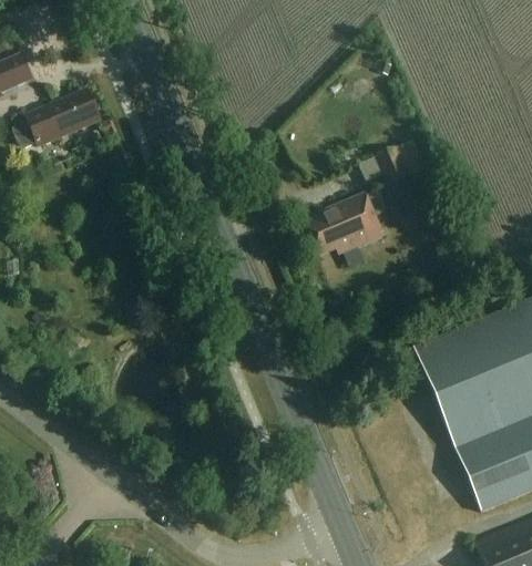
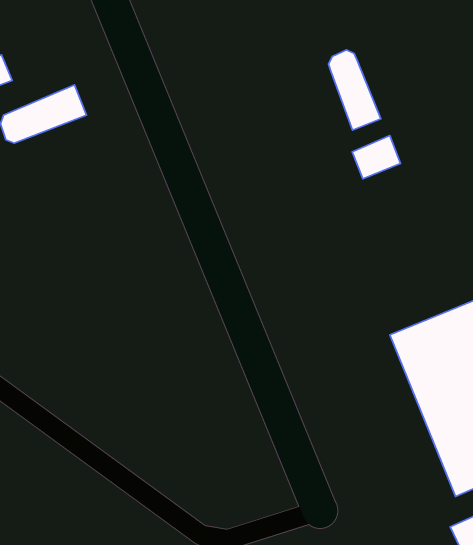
building: none -> [328,50,381,130]
building: [305,192,385,255] -> none

